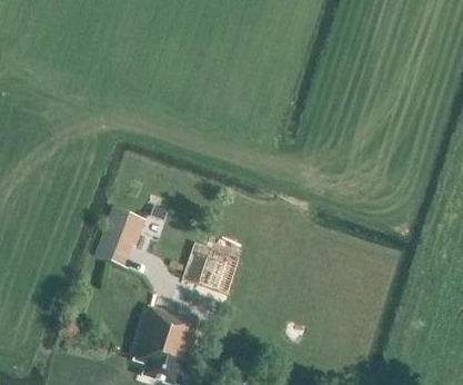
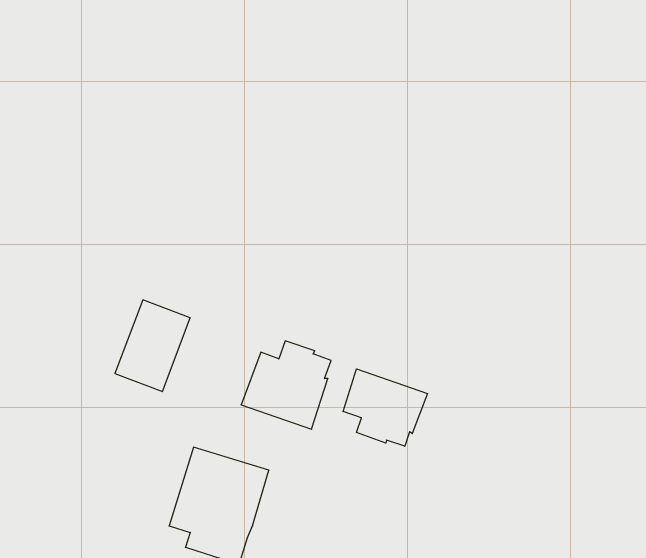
building: none -> [343,369,427,446]

